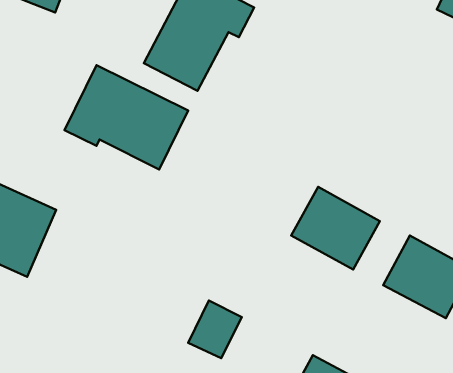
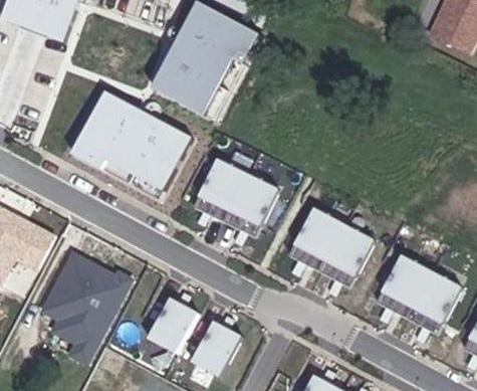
building: none -> [194,163,281,240]
building: none -> [41,247,137,365]
building: none -> [146,297,201,356]

